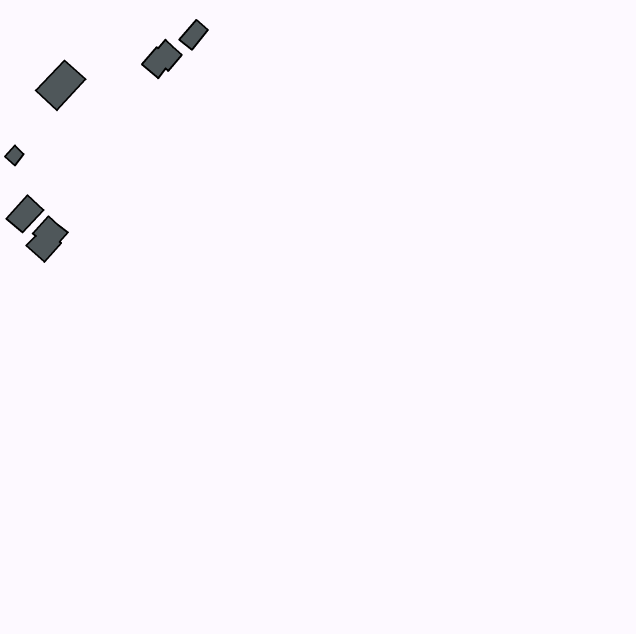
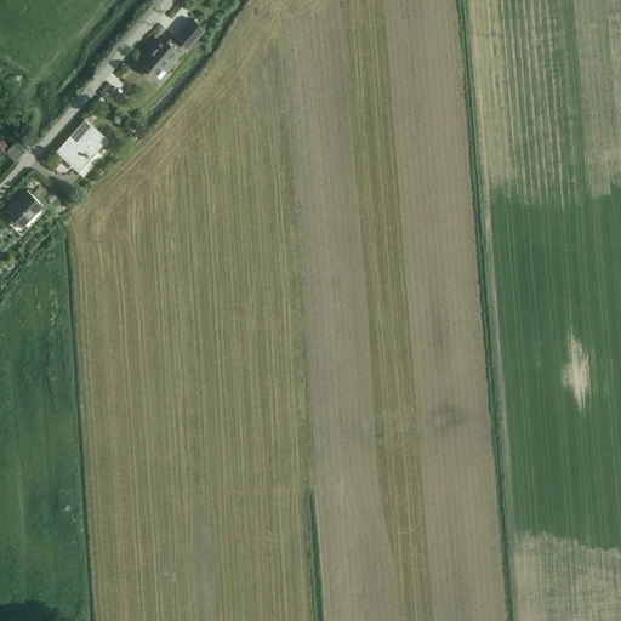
building: [36,61,86,110] -> [57,123,106,171]
building: [26,216,68,262] -> none

